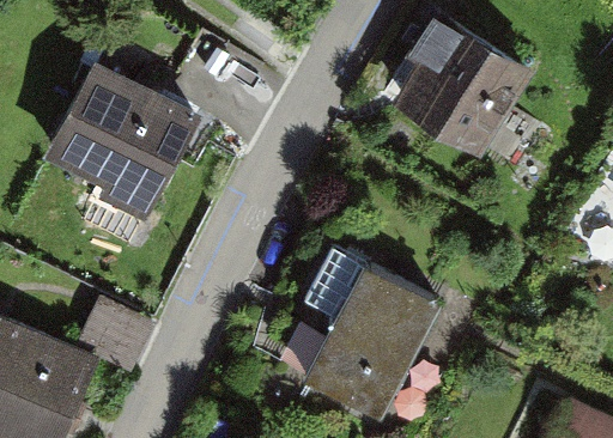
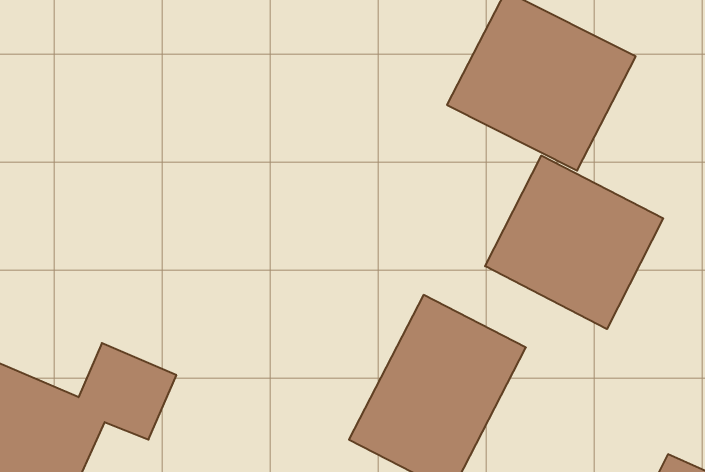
building: [41,62,199,219] -> none
building: none -> [485,156,663,329]

